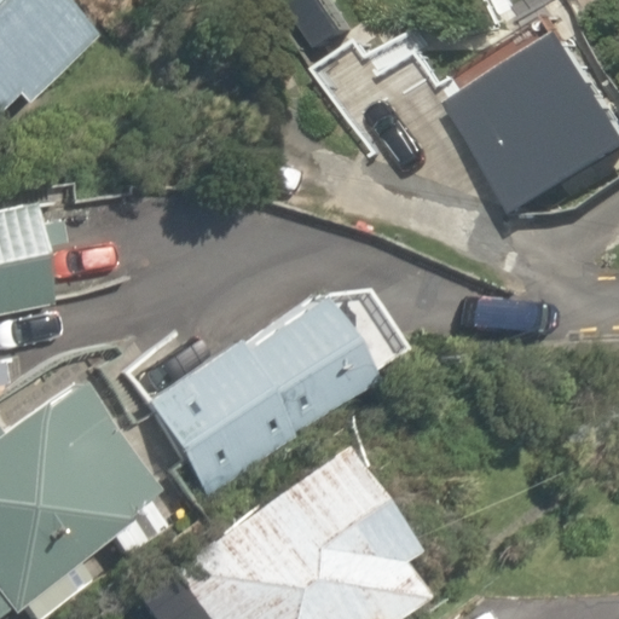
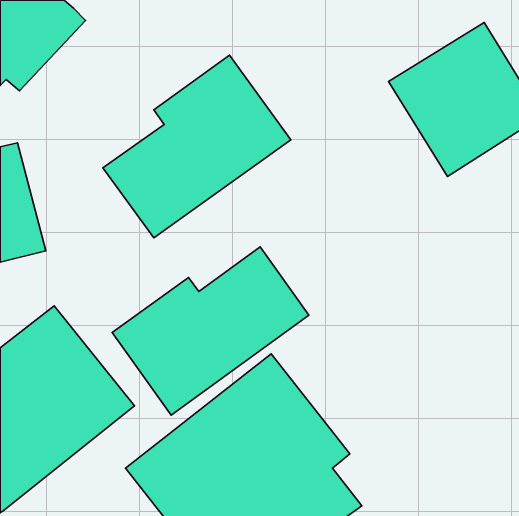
building: none -> [103,55,291,238]

